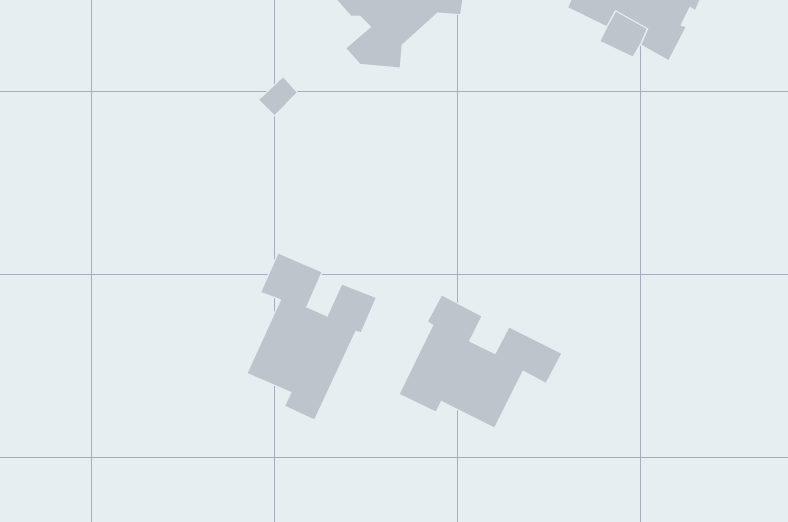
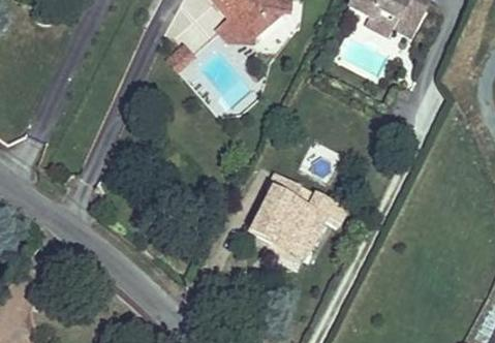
building: [247,253,376,420] -> none

